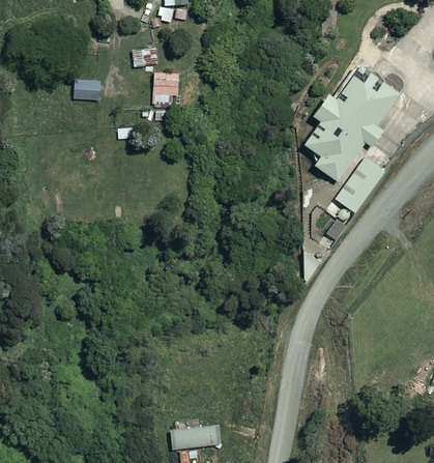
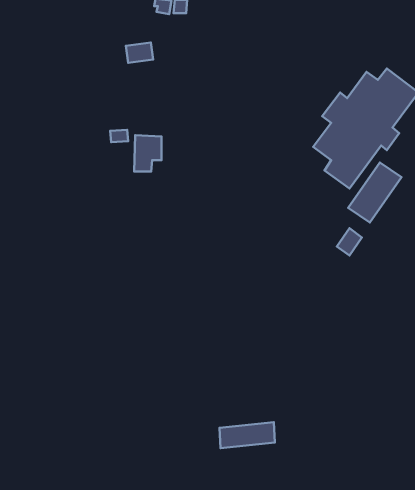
building: [152,73,177,106] -> [134,135,161,172]
building: [73,80,99,99] -> none
building: [170,426,221,450] -> [219,422,275,448]

